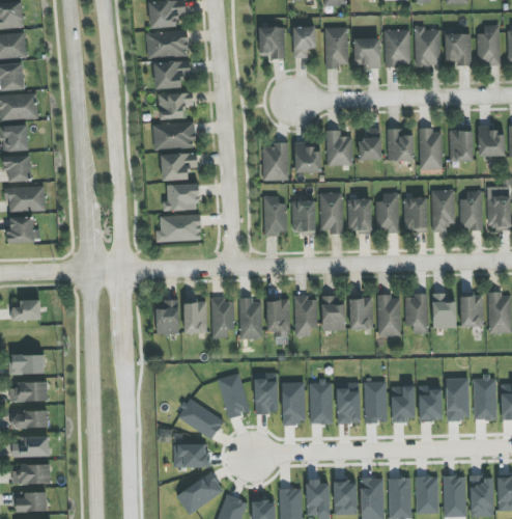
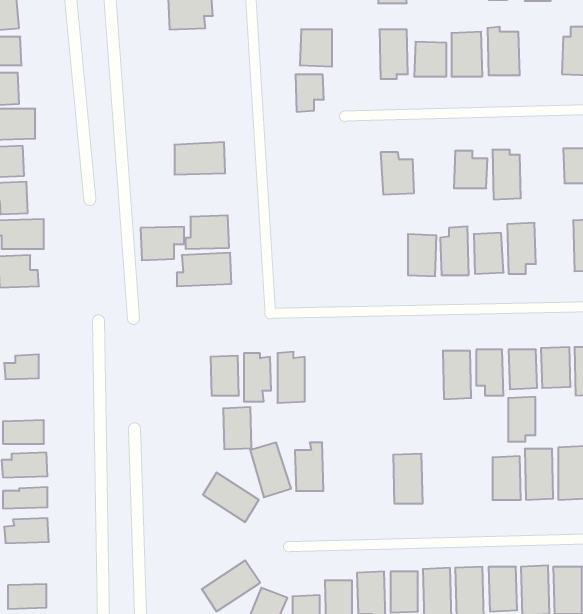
building: [292,27,316,58] -> [295,75,324,112]
building: [146,30,189,57] -> none
building: [445,33,472,64] -> none
building: [153,60,191,88] -> none
building: [158,92,193,118] -> none
building: [359,128,381,160] -> none
building: [450,131,474,162] -> none
building: [262,142,288,181] -> none
building: [294,142,321,172] -> none
building: [161,153,197,181] -> [141,227,184,260]
building: [459,191,483,229] -> none
building: [319,192,343,233] -> none
building: [263,195,286,237] -> none
building: [291,200,315,234] -> none
building: [321,296,345,330] -> none
building: [294,297,317,336] -> none
building: [349,297,373,329] -> none
building: [155,299,179,334] -> [223,407,252,449]
building: [266,299,290,331] -> none
building: [309,381,333,424] -> none
building: [364,381,388,422] -> none
building: [282,382,305,425] -> none
building: [392,385,415,422] -> [508,397,535,442]
building: [173,443,209,467] -> none
building: [12,464,51,484] -> none

